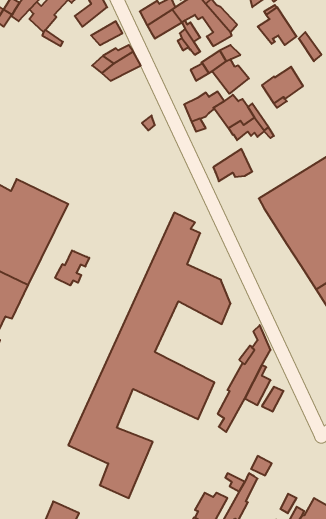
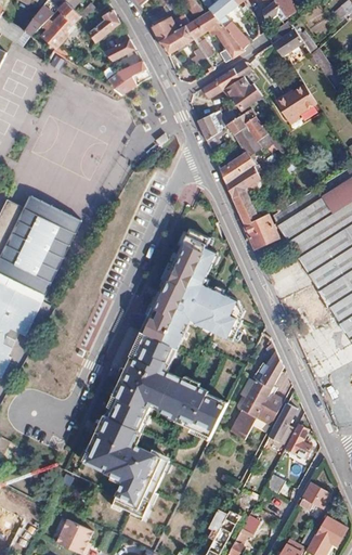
building: none -> [218,152,255,184]
building: none -> [231,190,277,248]
building: [55,250,89,285] -> none
building: none -> [285,425,311,459]
building: none -> [298,483,329,509]

